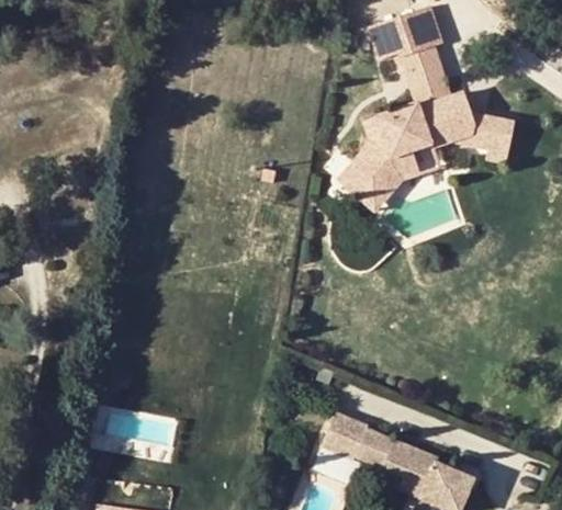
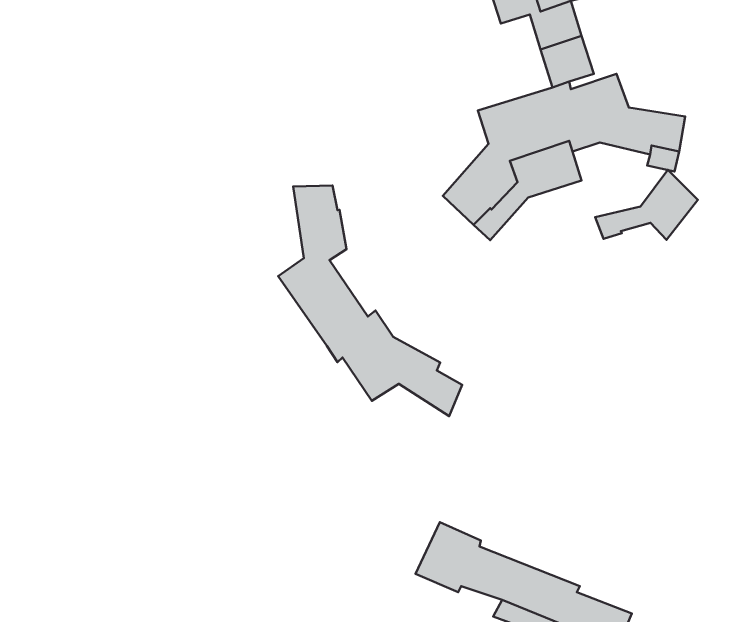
building: none -> [595,170,698,240]
building: none -> [278,185,462,416]

